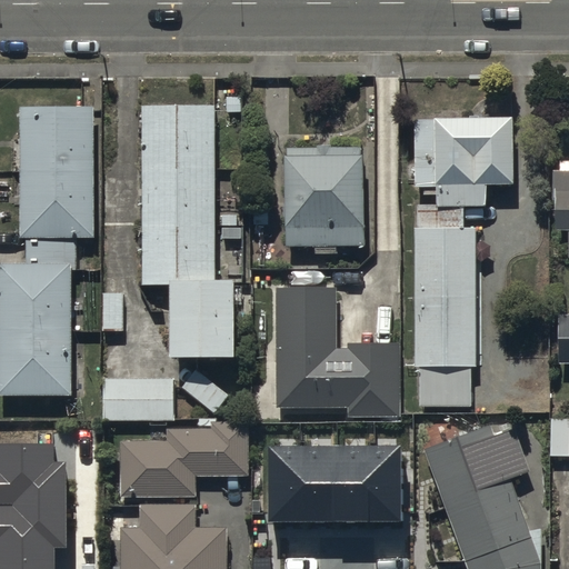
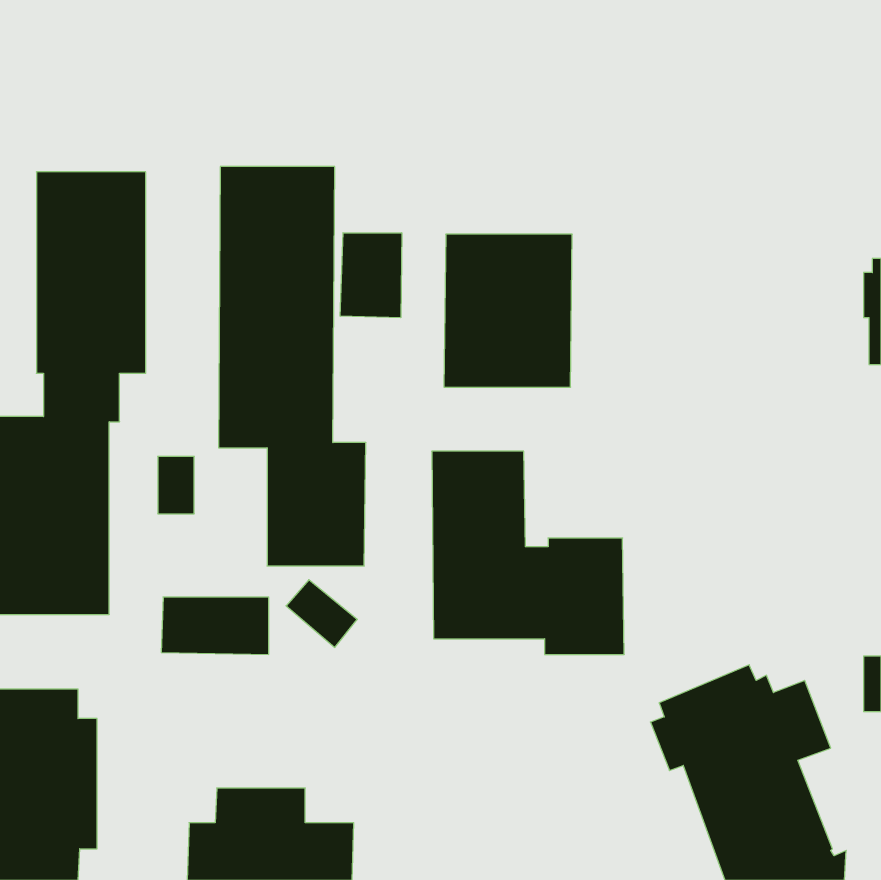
building: [417,118,513,406] -> none
building: none -> [340,233,402,318]
building: [120,421,248,499] -> none
building: [267,441,398,517] -> none

